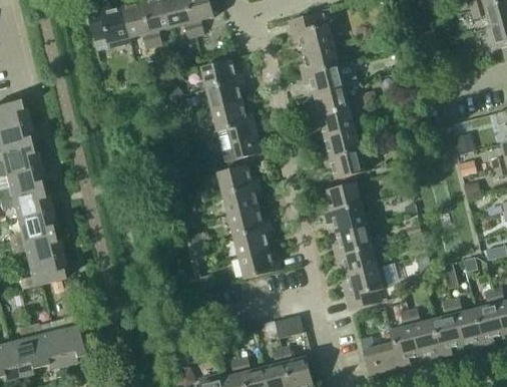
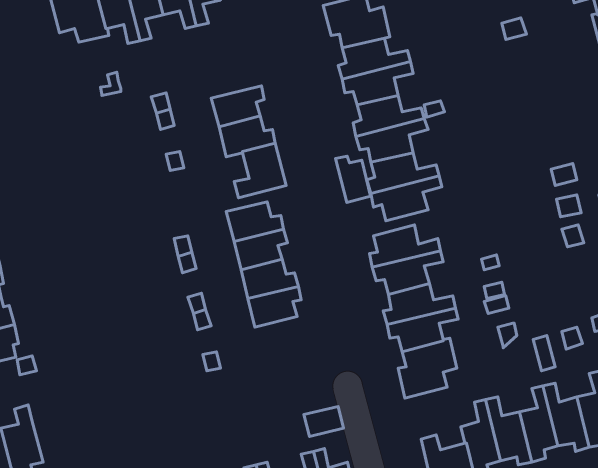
building: [201,60,243,89] -> none
building: none -> [336,156,371,202]
building: [238,250,281,280] -> none

